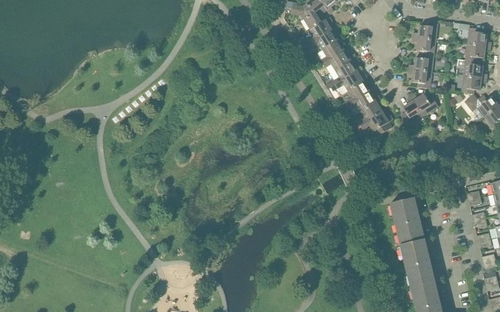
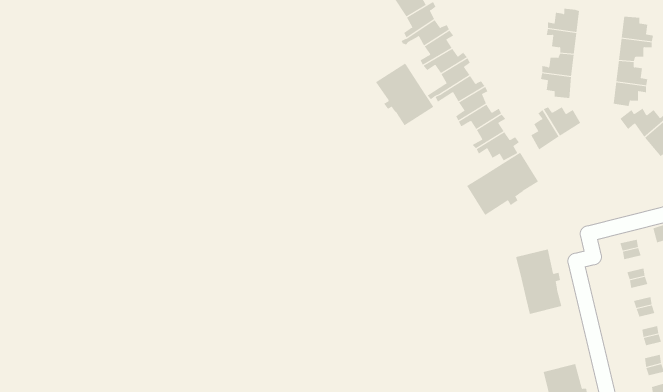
building: none -> [375,63,434,126]
building: none -> [467,152,539,216]
building: [400,238,434,286] -> none

